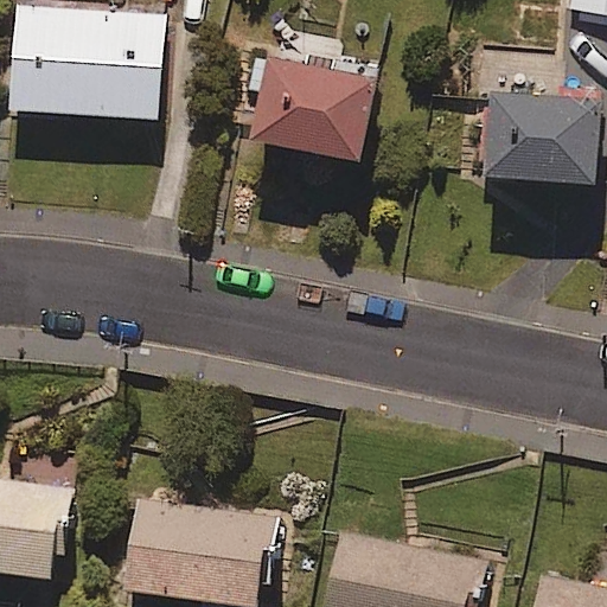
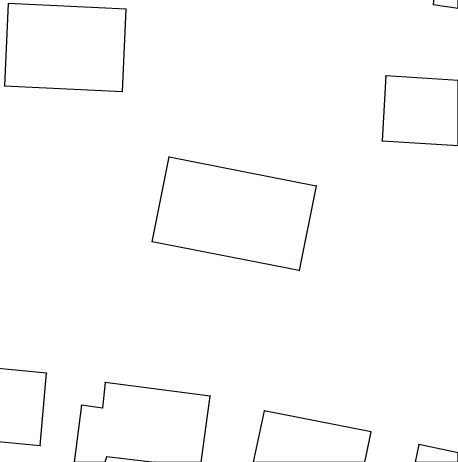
building: [245,57,384,167] -> none
building: none -> [152,157,316,271]

